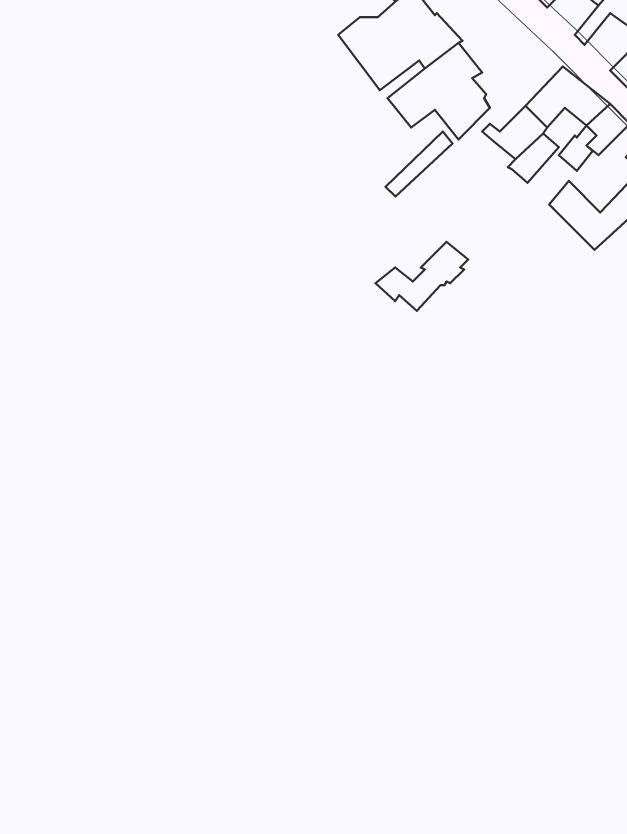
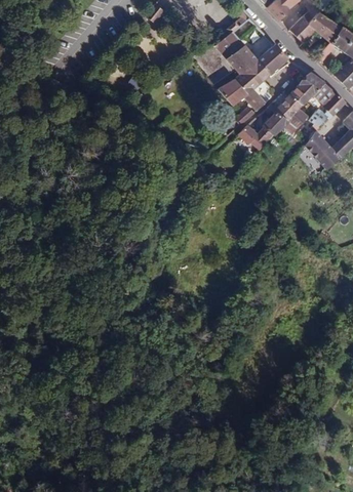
building: none -> [257,44,288,76]
building: [375,242,468,311] -> [238,112,286,148]

